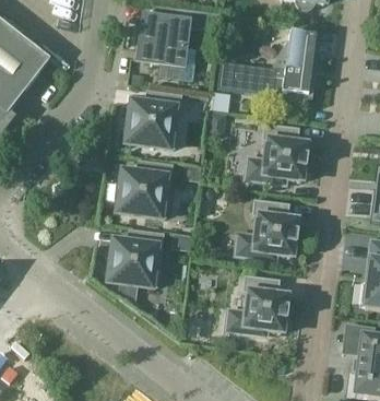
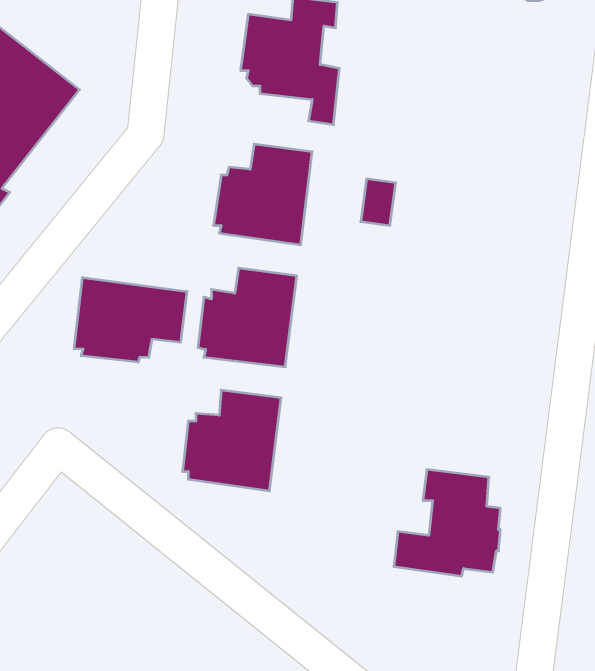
building: [217,30,316,98] -> none
building: [246,121,306,181] -> none
building: none -> [74,277,187,362]
building: [236,198,296,257] -> none

